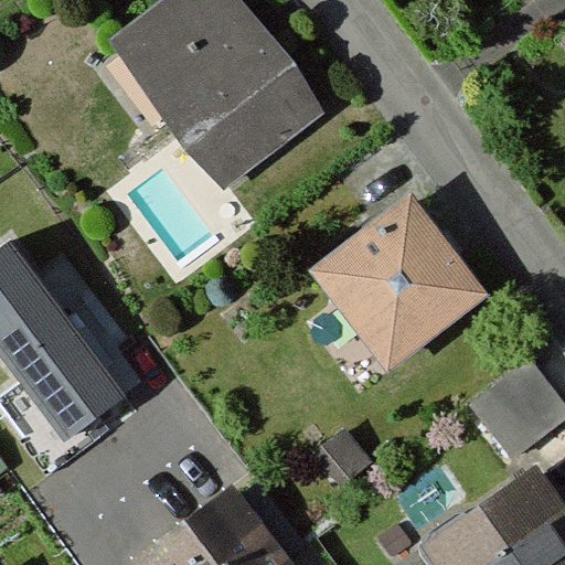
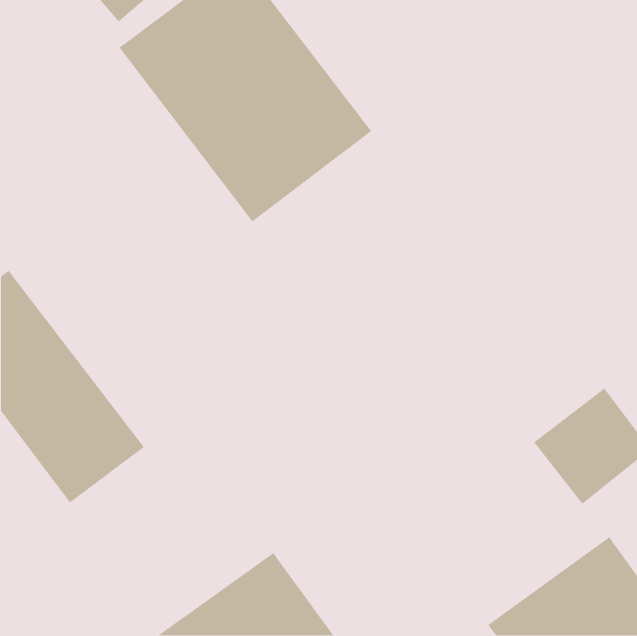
building: [306,190,490,372] -> none

